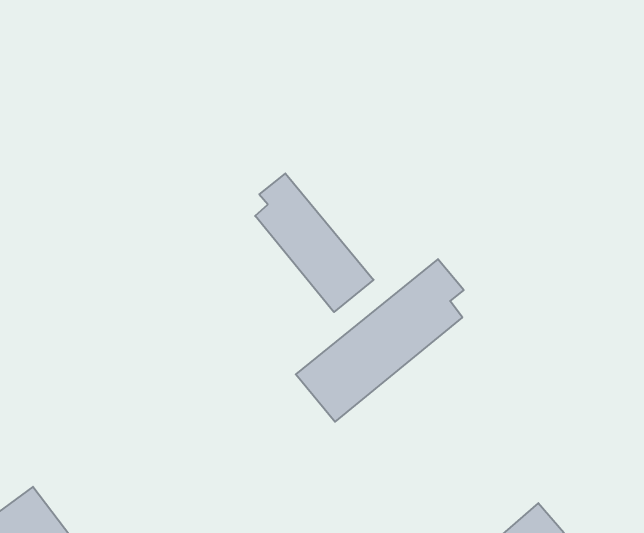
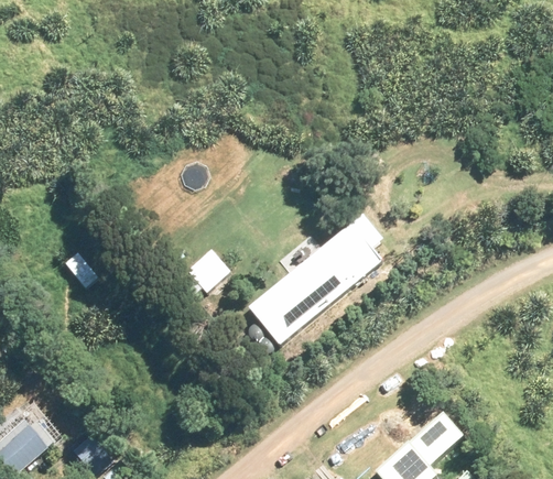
building: [255,173,374,312] -> none

